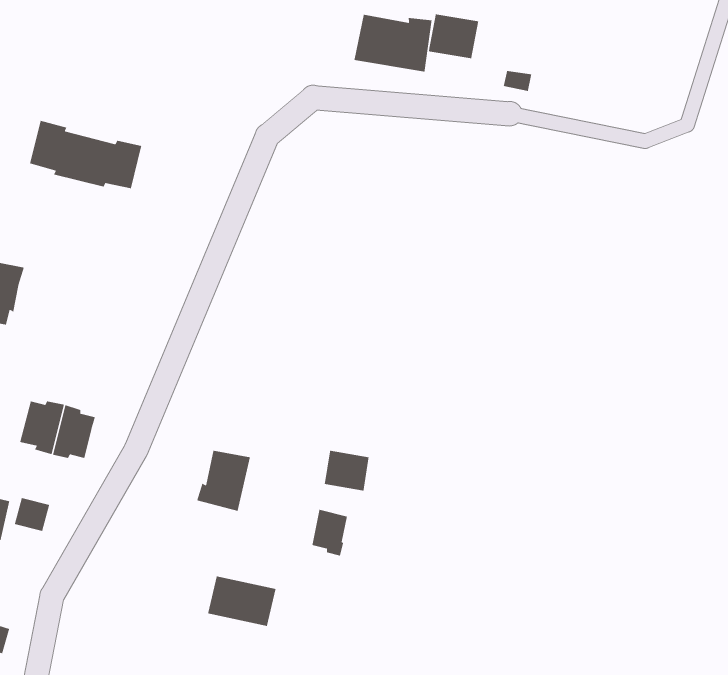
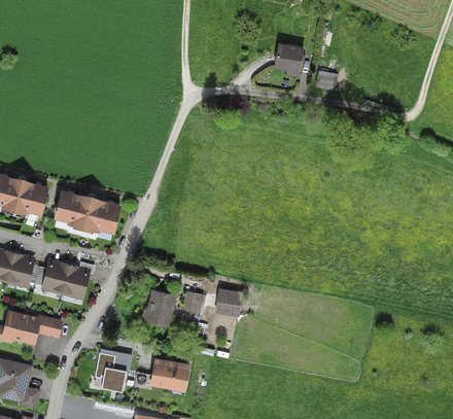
building: [353,14,432,73] -> none
building: [29,120,142,189] -> [56,191,119,231]
building: [311,509,348,556] -> [182,291,203,318]
building: none -> [95,353,129,390]

